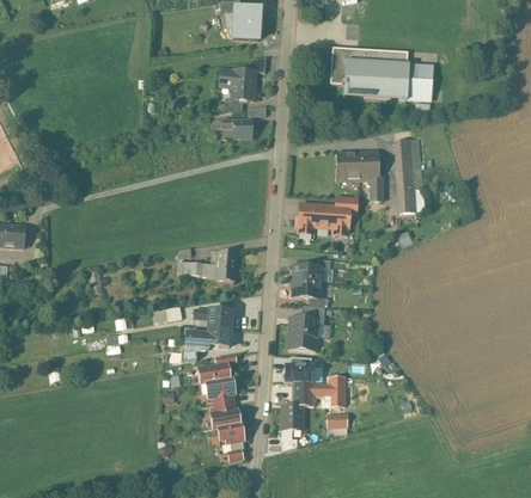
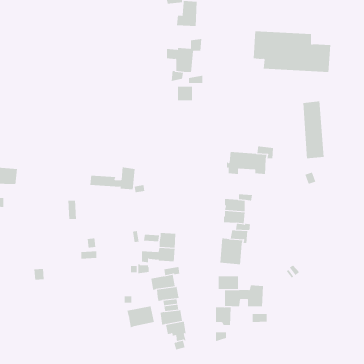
building: [336,150,383,199] -> none
building: [176,250,236,279] -> [89,167,136,190]
building: none -> [127,305,155,328]

